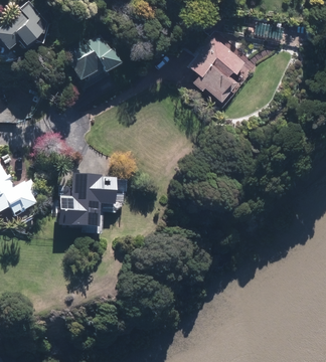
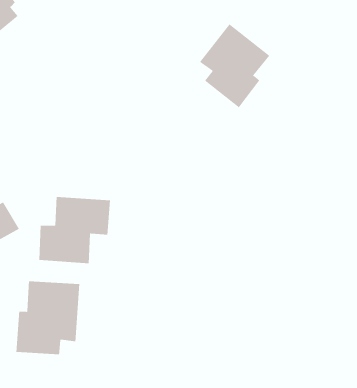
building: [64,35,121,78] -> none
building: none -> [16,280,80,355]

